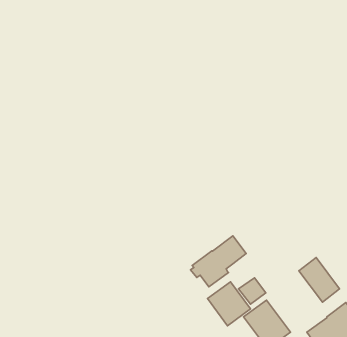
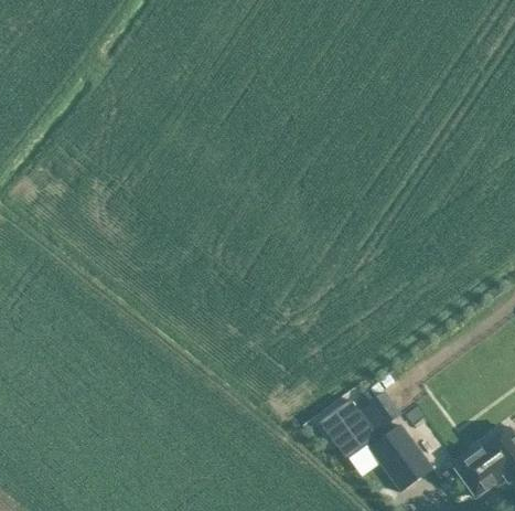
building: [190,236,246,287] -> none
building: [299,257,340,302] -> none

